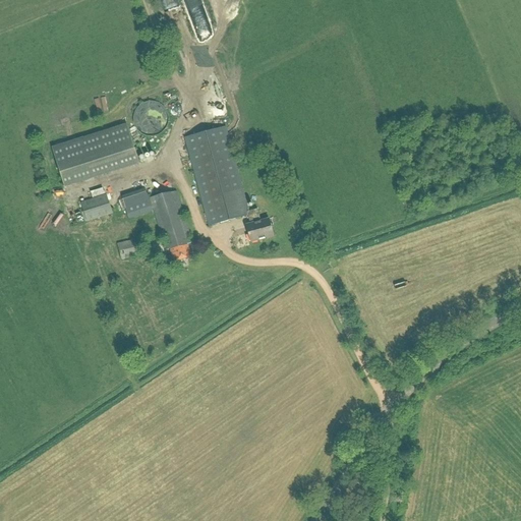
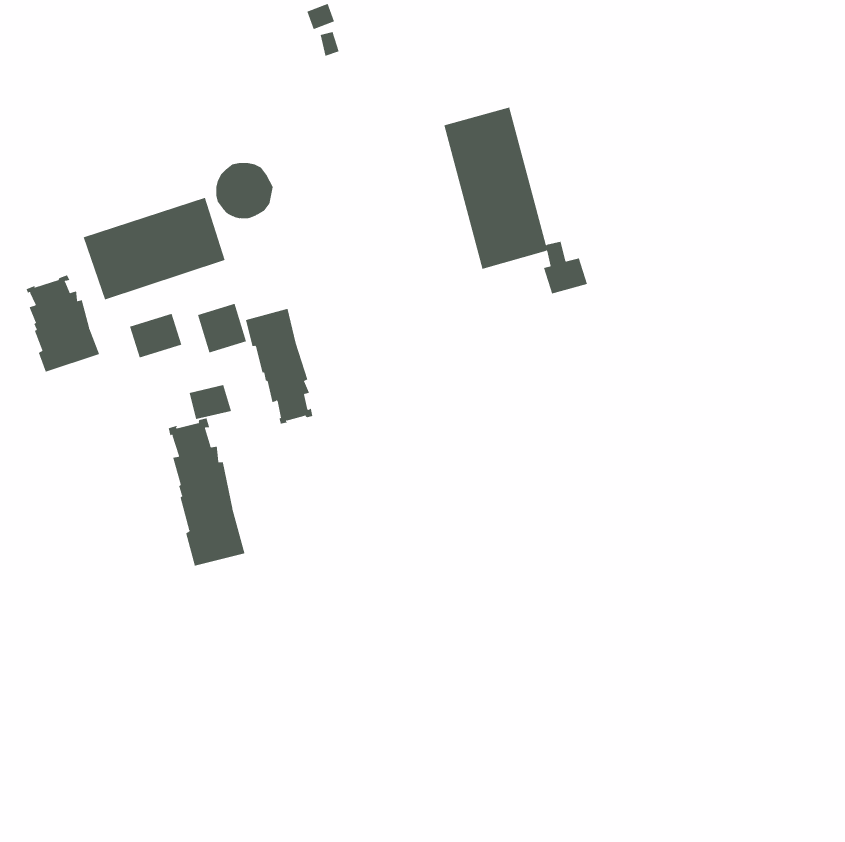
building: [184,124,273,239] -> [444,107,588,294]
building: none -> [26,275,100,372]
building: none -> [168,418,245,567]

